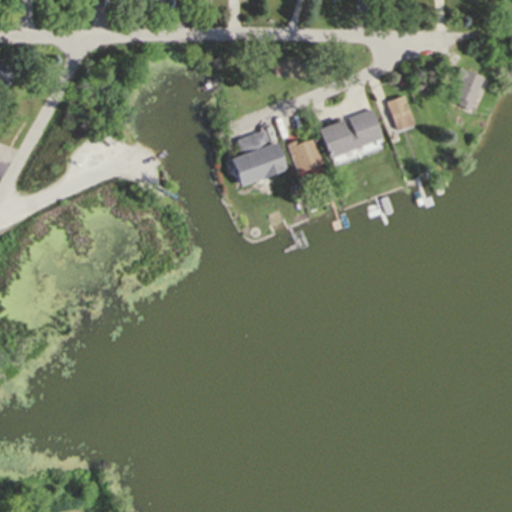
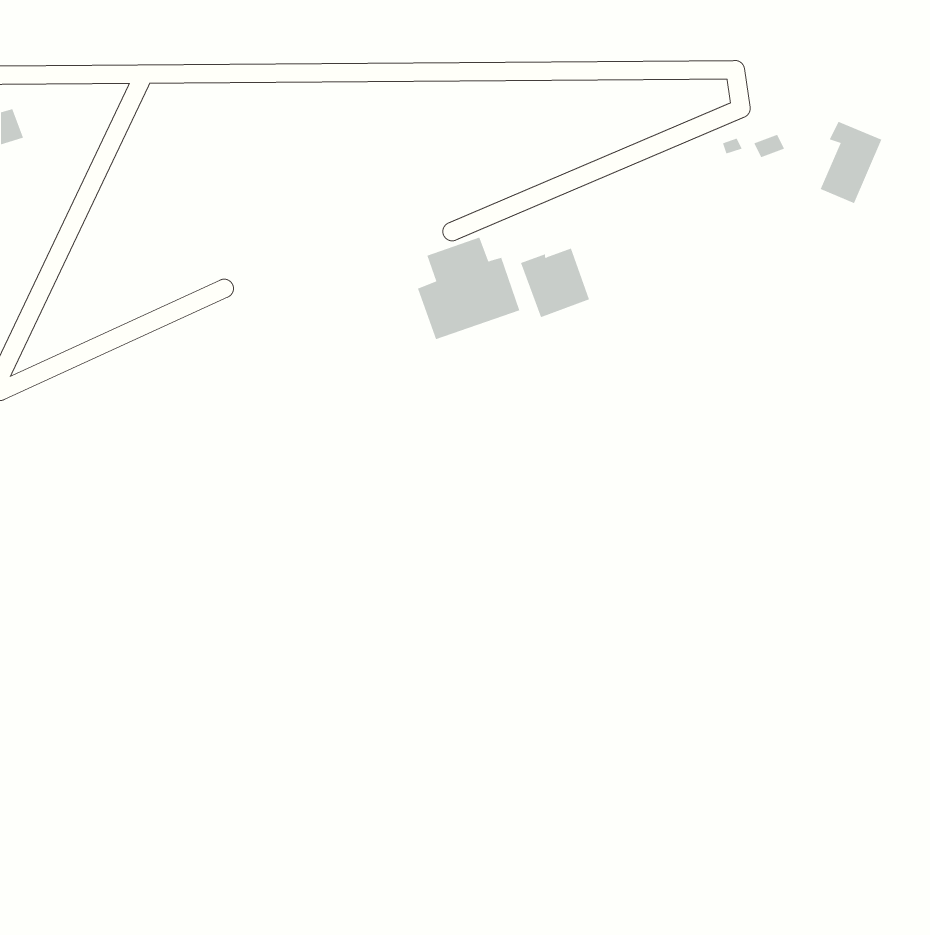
building: [387,95,414,125] -> none
building: [318,109,384,159] -> none

